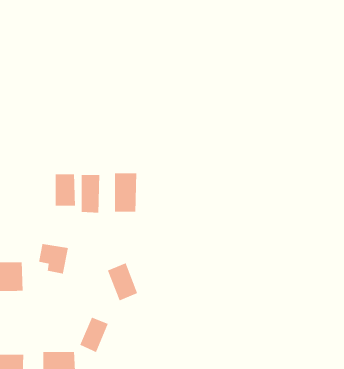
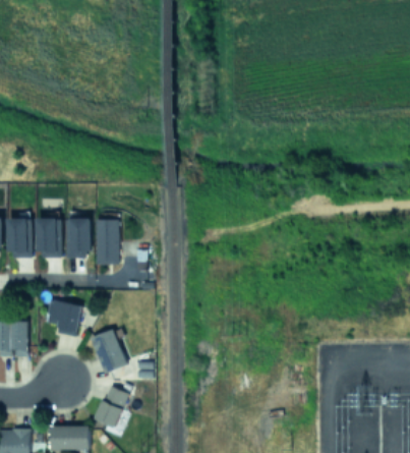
building: [114,173,137,212] -> none
building: none -> [7,218,28,258]
building: none -> [37,218,60,258]
building: [107,262,138,301] -> [91,328,127,374]

